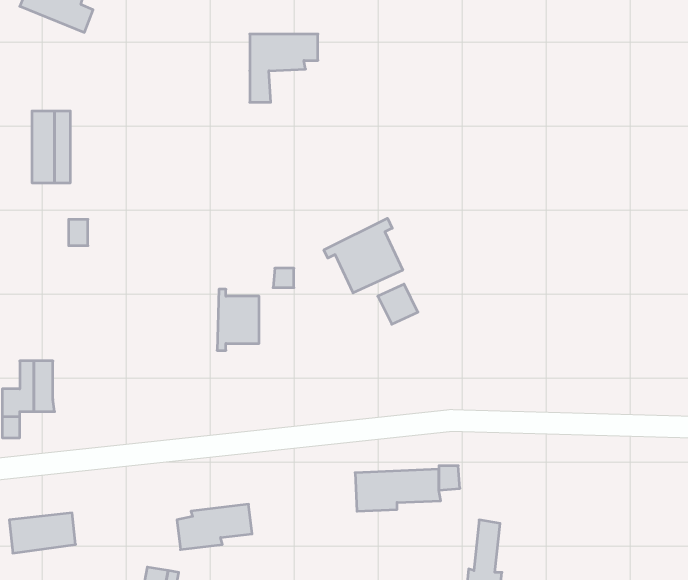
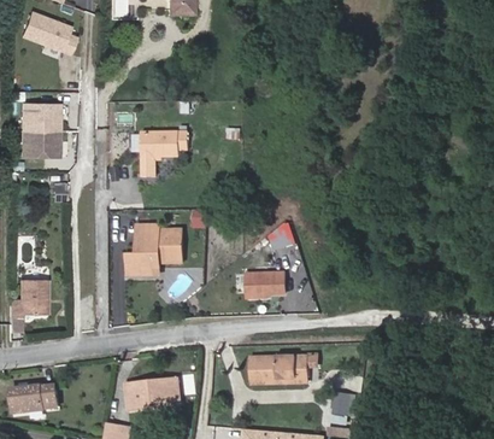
building: [250,34,318,102] -> [142,135,189,182]
building: [324,218,403,293] -> none
building: none -> [130,229,157,279]
building: none -> [247,281,286,304]

